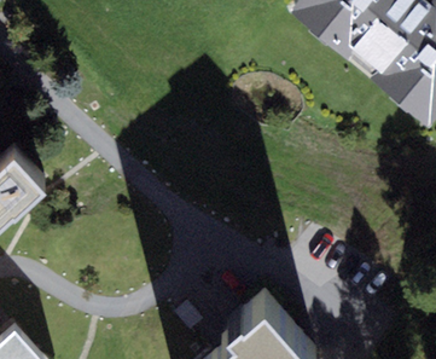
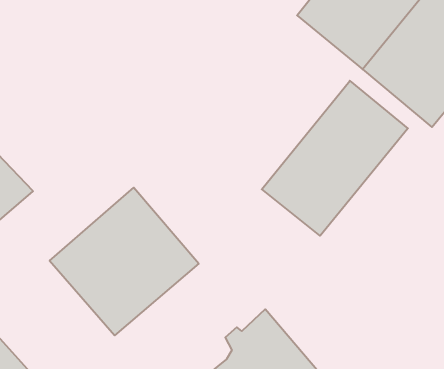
building: none -> [262,81,408,236]
building: none -> [50,188,199,335]

